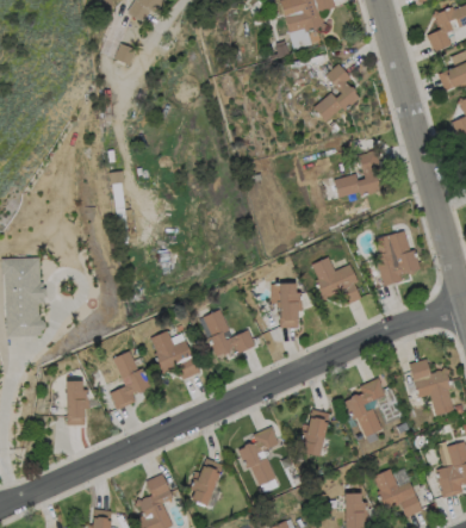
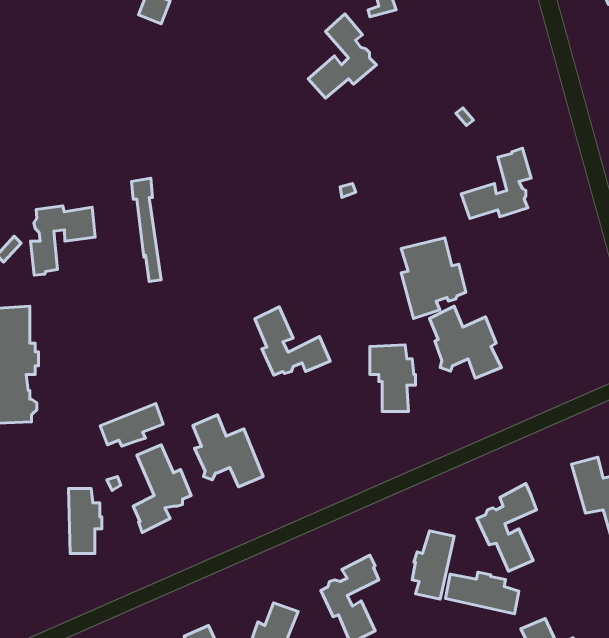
building: [313,63,360,120] -> [308,14,376,98]
building: none -> [31,206,95,275]
building: [375,231,420,286] -> [401,238,466,319]
building: [204,309,255,355] -> [255,307,330,375]
building: none -> [100,404,163,446]
building: none -> [446,572,519,614]

